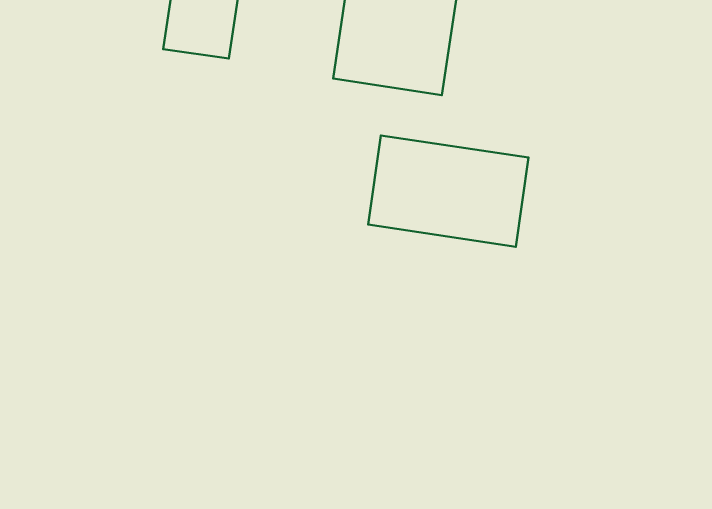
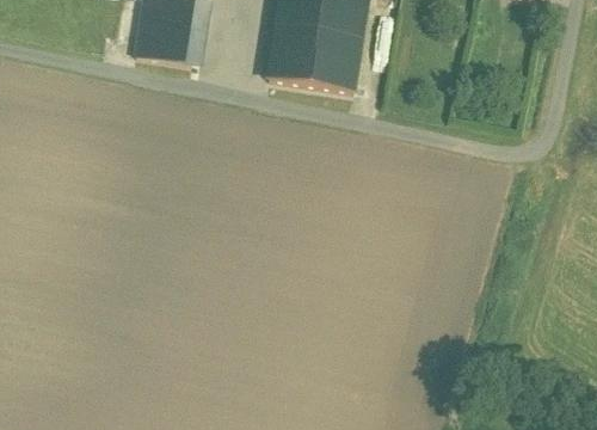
building: [368,136,528,247] -> none

